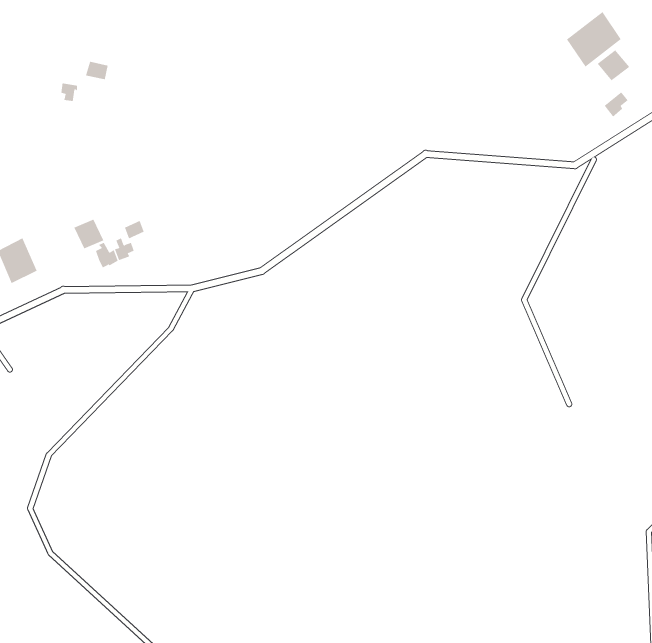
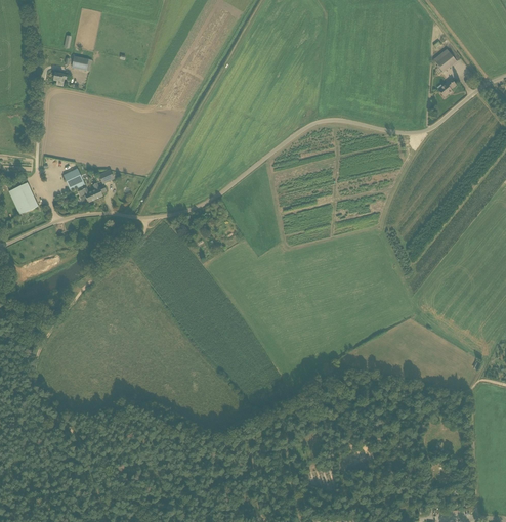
building: [566,11,622,67] -> none

